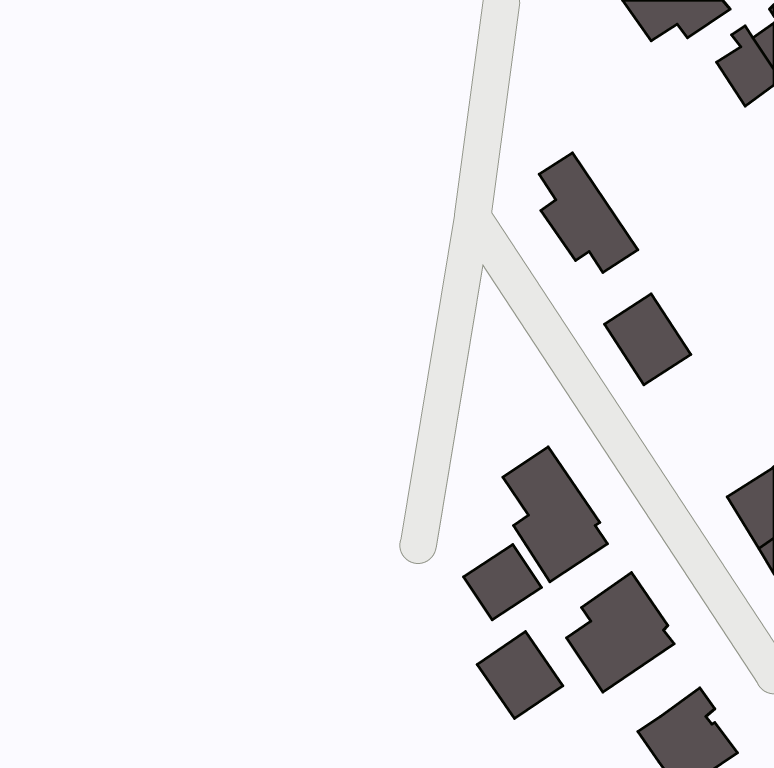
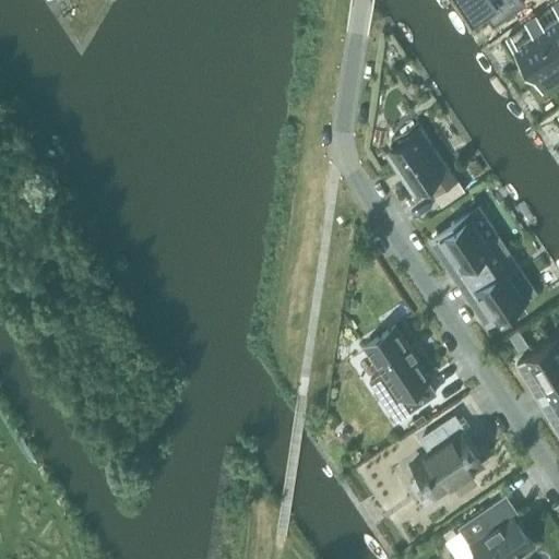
building: none -> [464,260,526,325]
building: [464,544,541,620] -> none
building: [477,631,563,719] -> none

